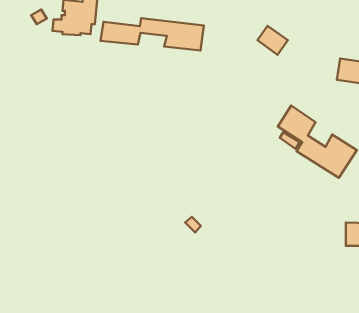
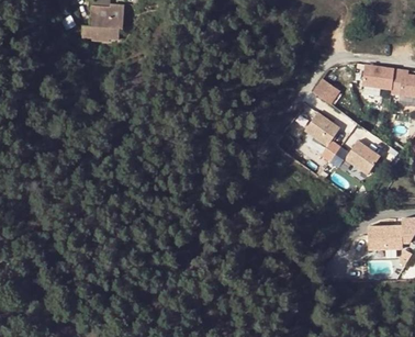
building: [101,18,204,51] -> none
building: [258,26,288,55] -> [312,77,341,105]

